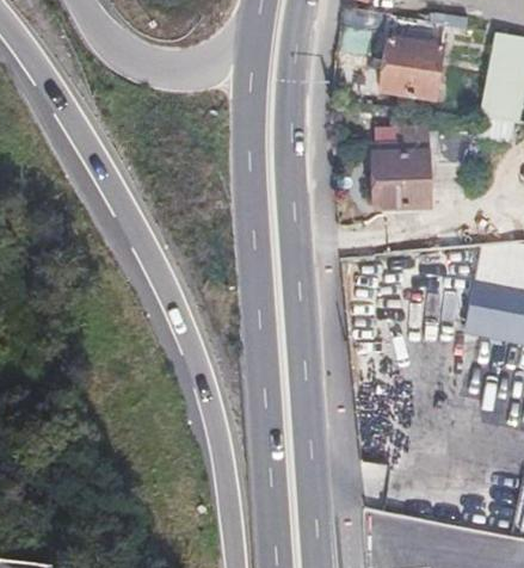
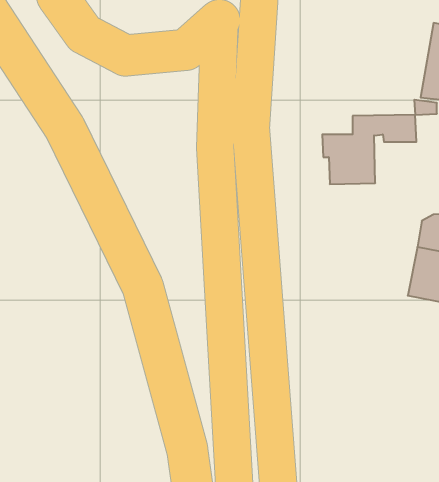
building: [383,23,442,103] -> none

